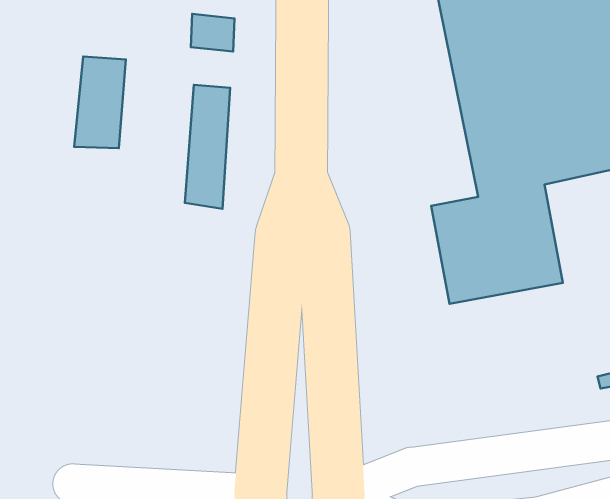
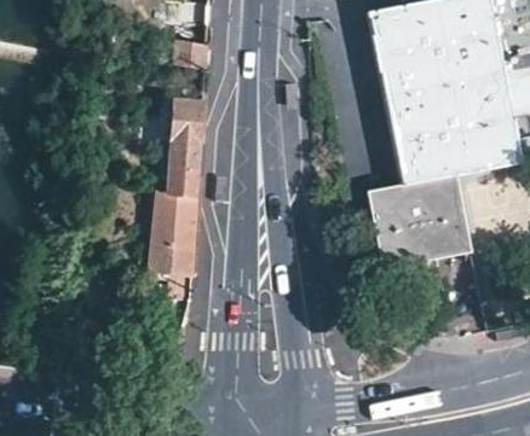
building: [74,56,126,148] -> none
building: none -> [152,188,198,302]

